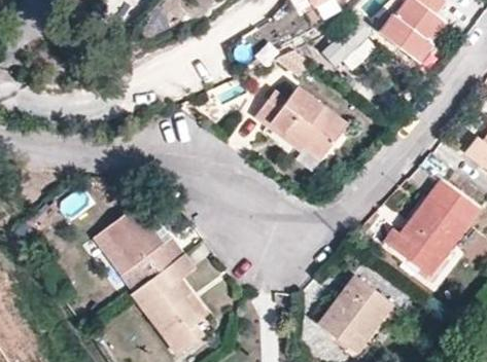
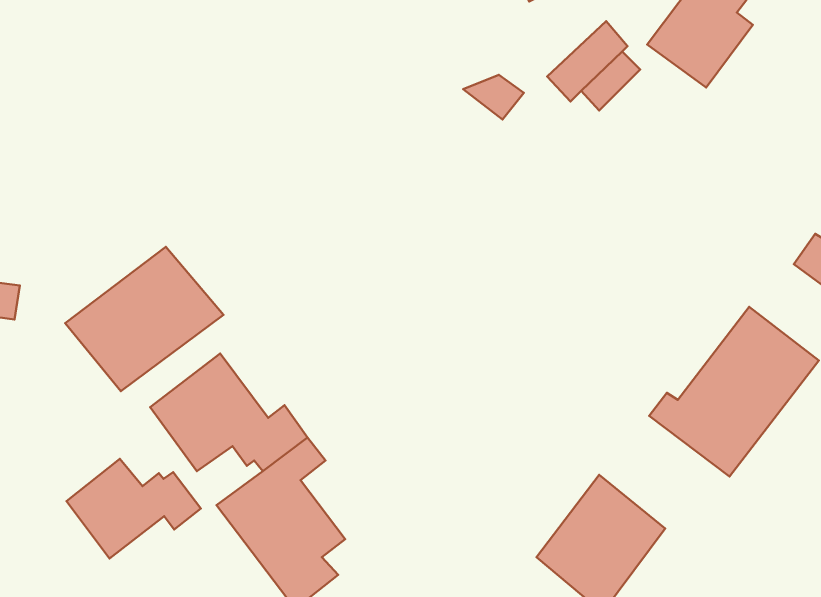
building: [254,84,346,155] -> none
building: none -> [65,247,224,391]
building: none -> [67,459,201,558]

